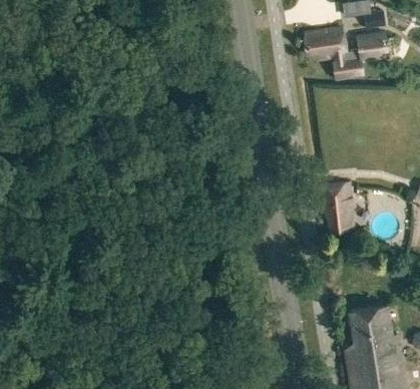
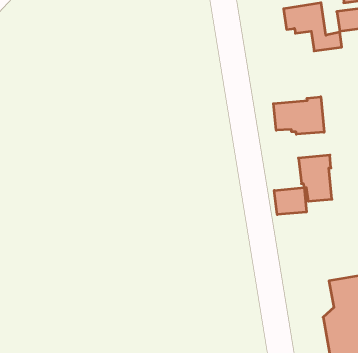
building: none -> [273,97,324,134]
building: none -> [274,188,306,215]

